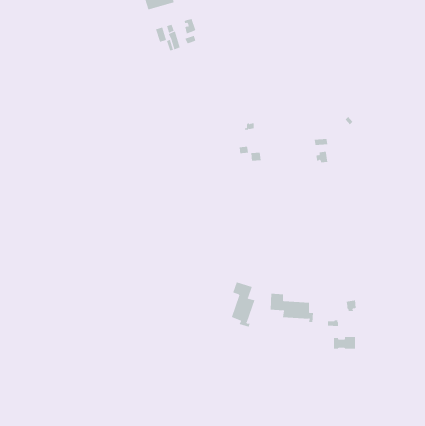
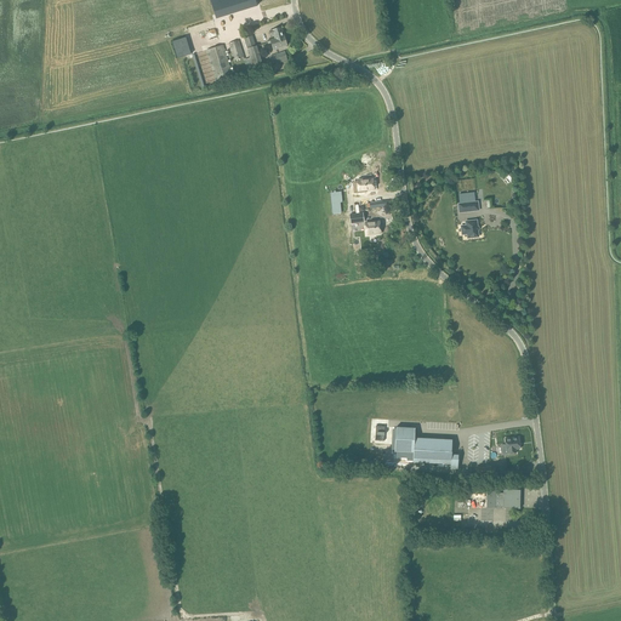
building: none -> [204,44,232,84]
building: [231,281,255,327] -> none

